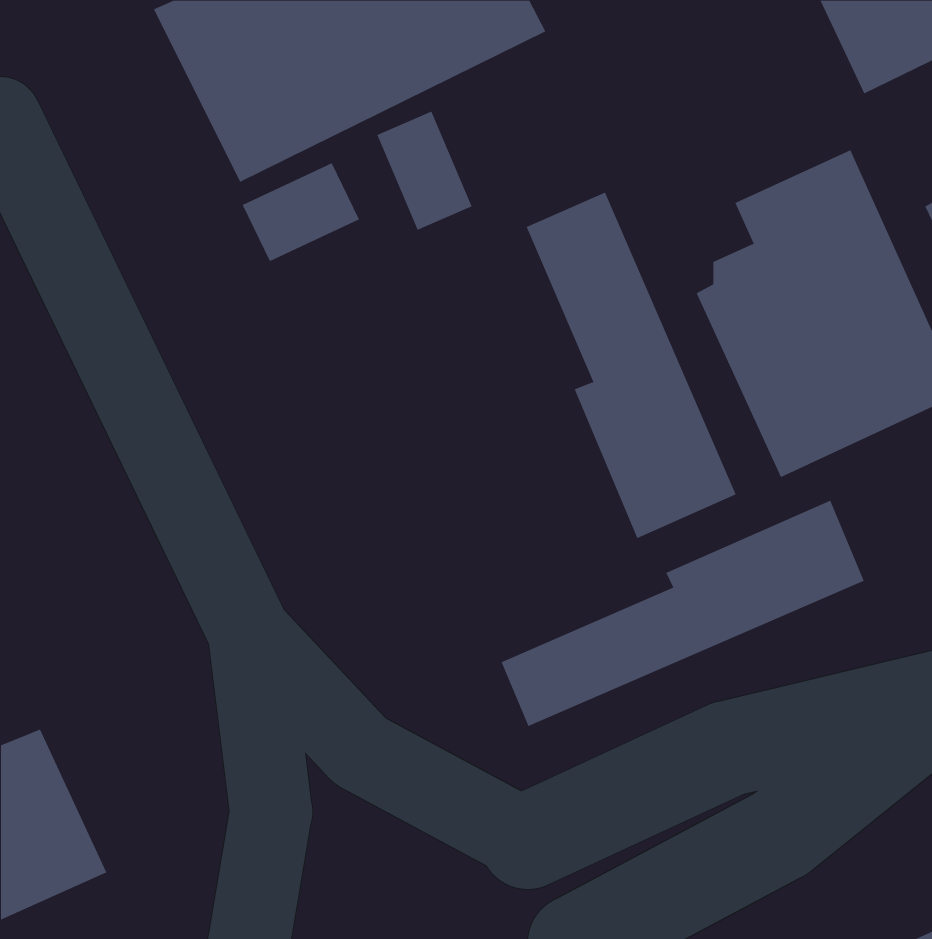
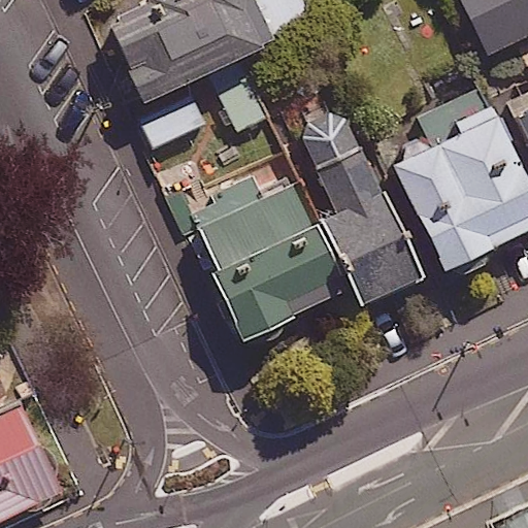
building: none -> [185,170,343,336]
building: [501,500,864,727] -> none

